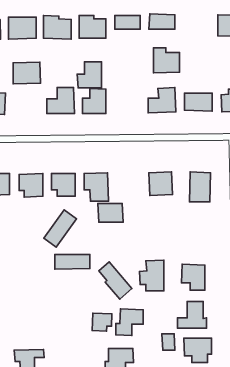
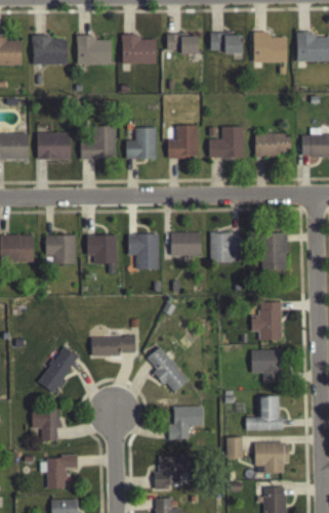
building: [154,48,179,73] -> [254,31,287,62]
building: [77,62,102,88] -> [167,125,198,158]
building: [13,62,41,84] -> [37,132,72,160]
building: [98,203,123,222] -> [170,231,202,255]
building: [44,210,76,247] -> [38,346,79,393]
building: [139,260,164,291] -> [251,301,282,340]
building: none -> [32,409,58,440]
building: [92,313,112,331] -> none

